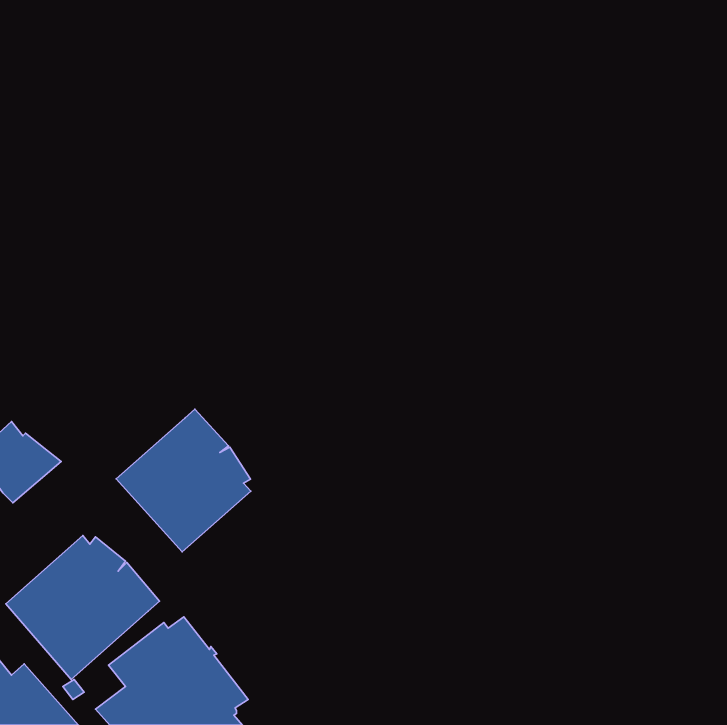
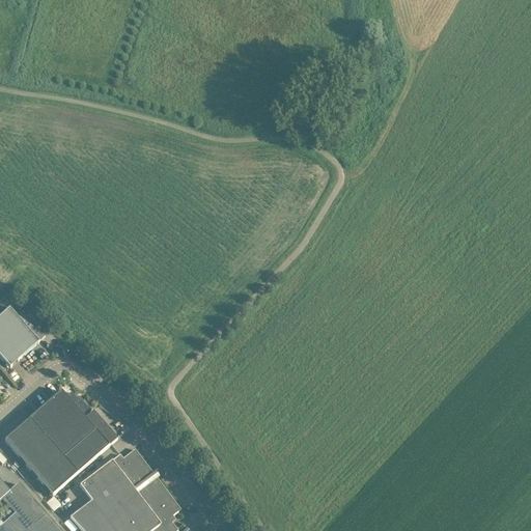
building: [116,409,251,552] -> none

